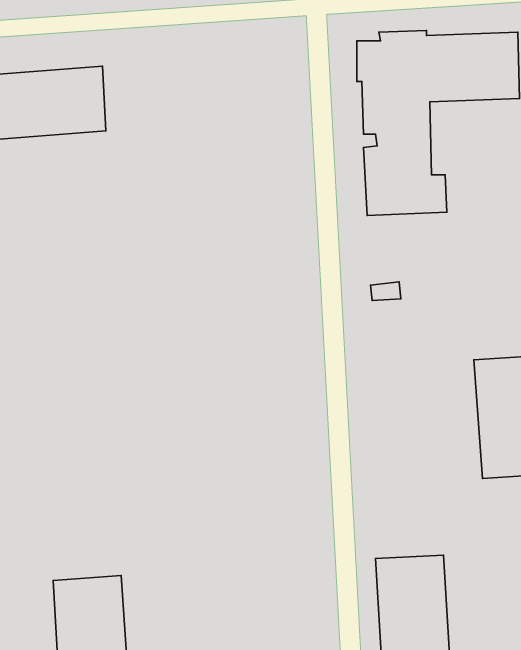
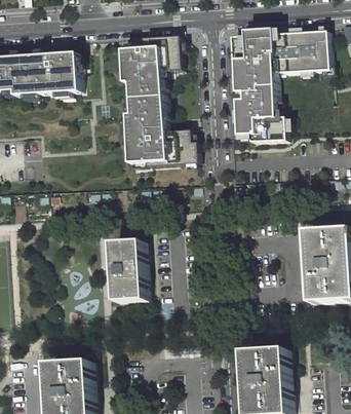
building: none -> [119,33,195,164]
building: none -> [108,239,142,300]

